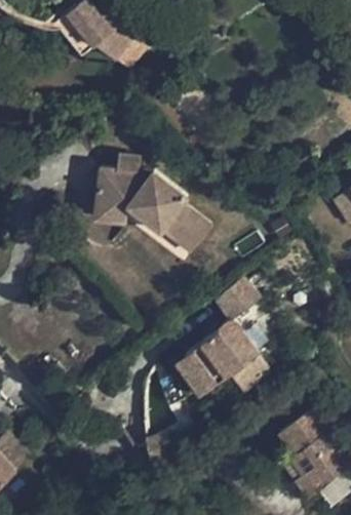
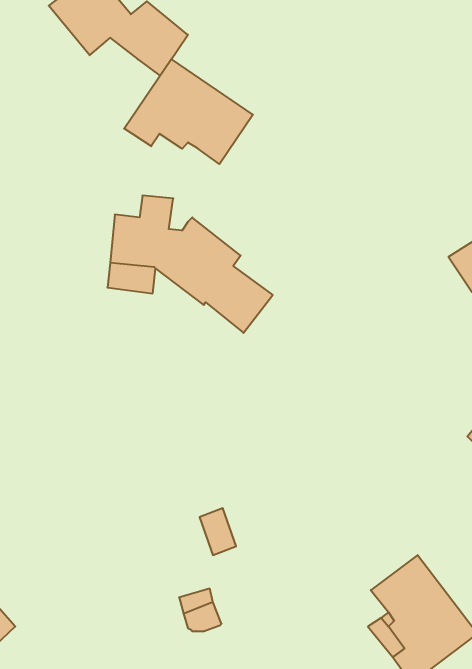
building: none -> [124,59,253,164]
building: [173,278,271,397] -> none

